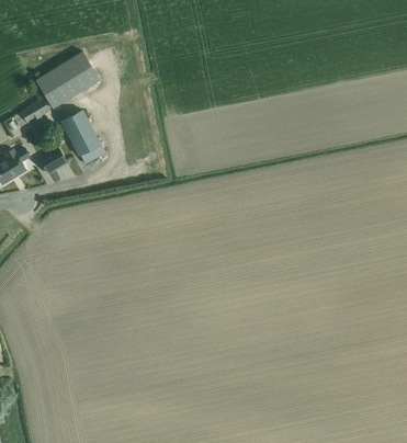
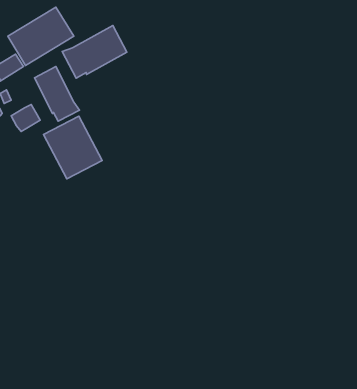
building: none -> [62,25,127,78]
building: none -> [44,116,102,179]

